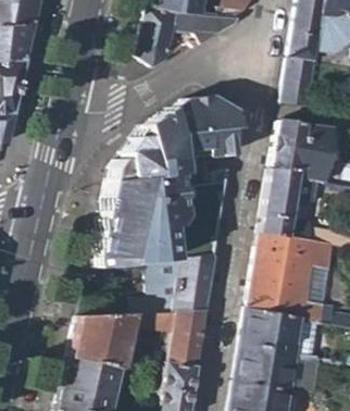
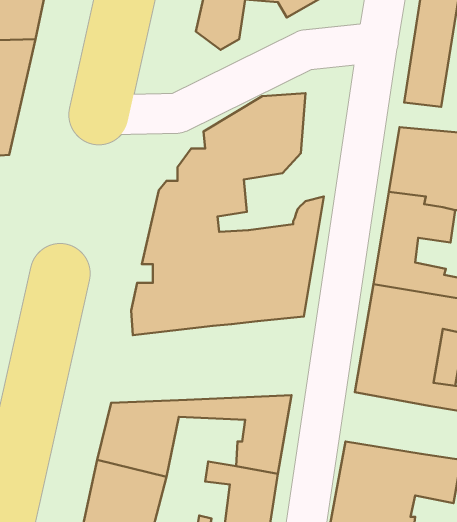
building: [154,98,240,196] -> none
building: [132,256,215,314] -> none
building: [245,309,303,352] -> none

